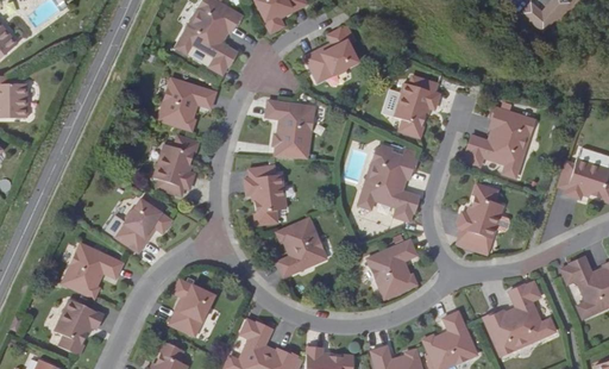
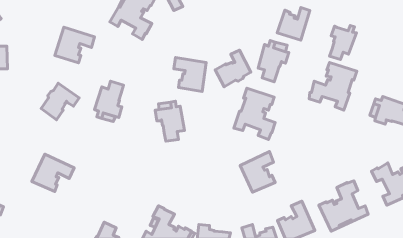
building: none -> [277,8,310,40]
building: [309,29,362,82] -> [215,50,251,87]
building: none -> [330,26,356,59]
building: [157,77,215,130] -> [55,27,95,63]
building: [457,183,502,244] -> none
building: [115,198,171,251] -> [41,83,79,120]
building: [277,217,327,275] -> none
building: [169,279,213,334] -> none
building: [55,299,102,354] -> none

